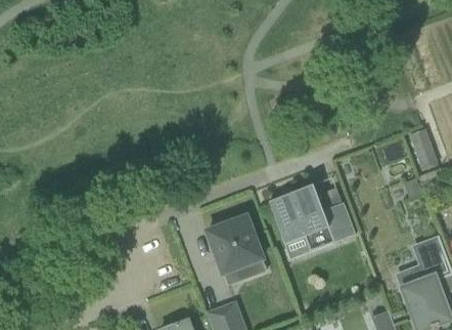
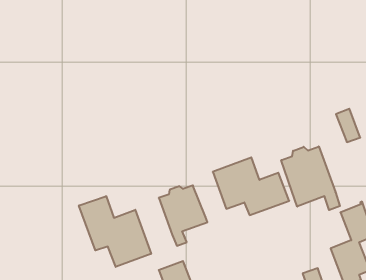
building: none -> [281,146,340,210]
building: none -> [79,196,151,267]

